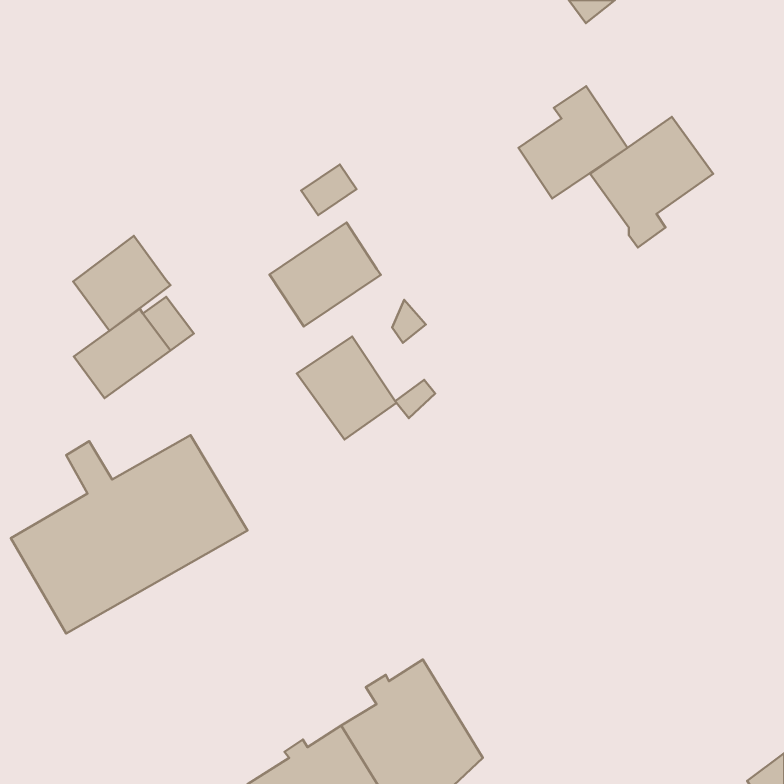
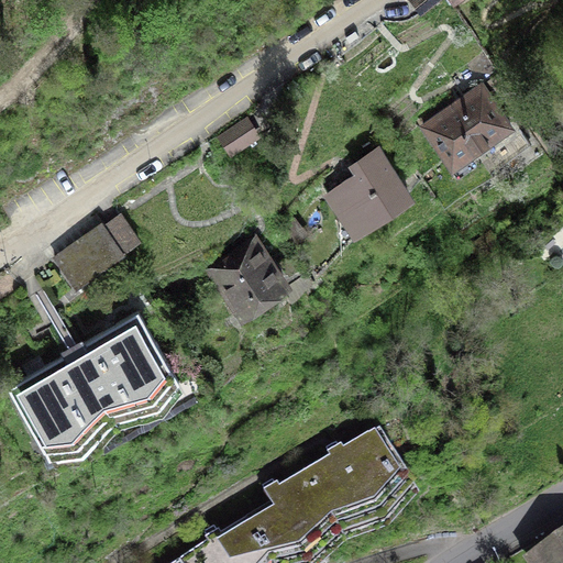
building: [518,86,628,198] -> [329,150,407,230]
building: [270,223,381,327] -> none
building: [73,236,170,331] -> none
building: none -> [302,431,418,543]

